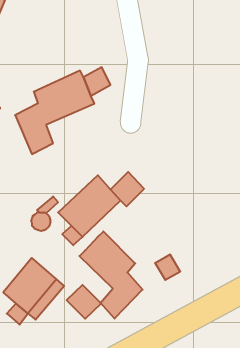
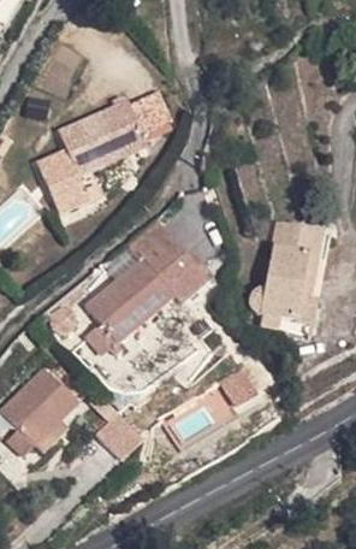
building: none -> [138,219,188,271]
building: none -> [248,223,320,321]
building: [79,231,143,319] -> none

